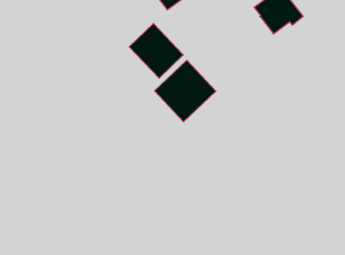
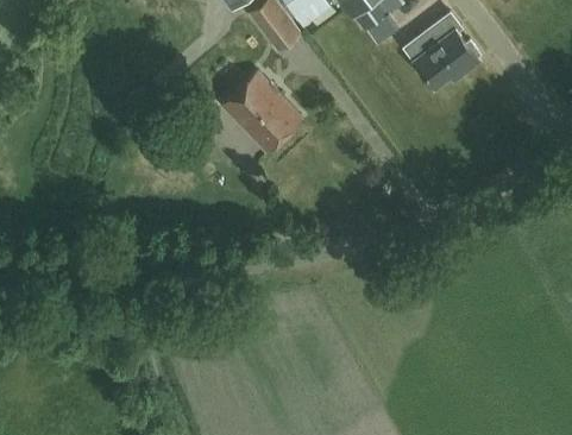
building: [155,60,216,122] -> none

